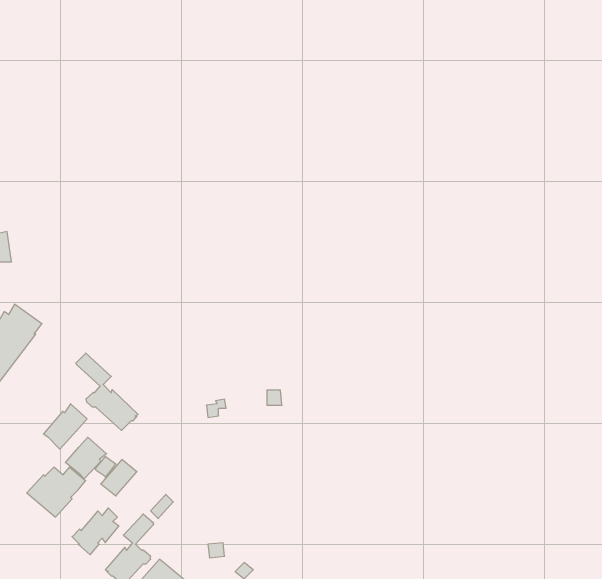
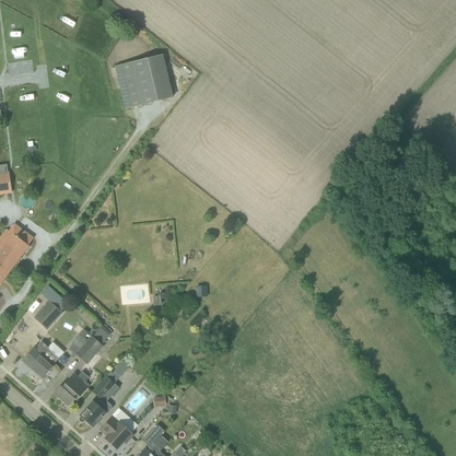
building: none -> [115,55,172,108]
building: [76,353,138,430] -> none
building: [65,437,107,479] -> none

